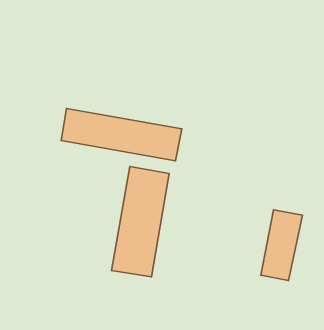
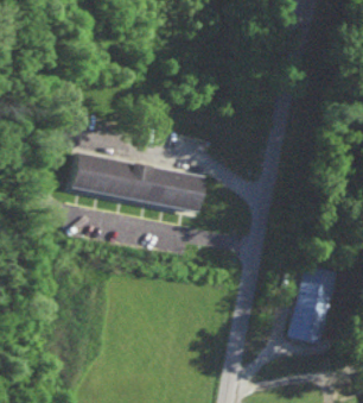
building: [112,166,169,277] -> none

